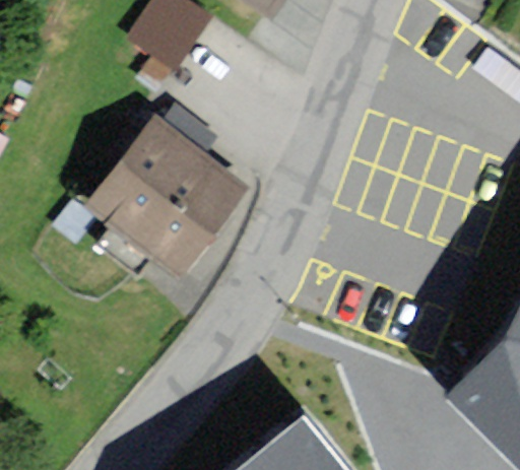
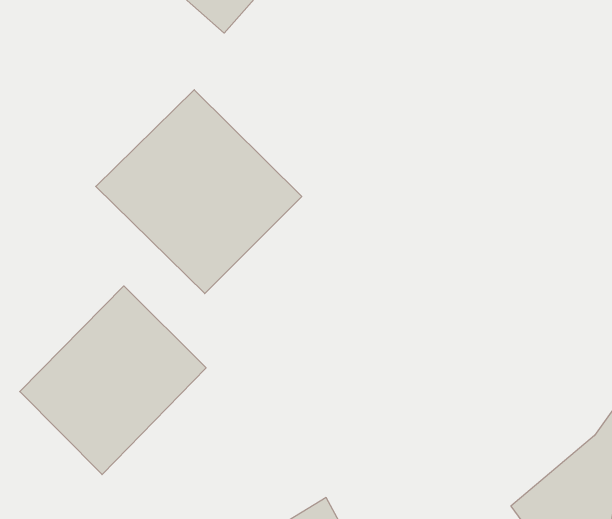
building: none -> [20,286,206,475]

